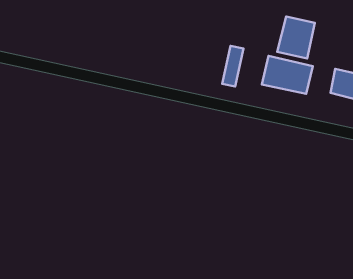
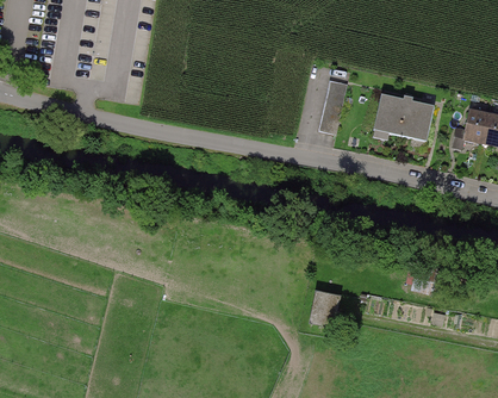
building: [277,16,315,58] -> none
building: none -> [312,293,342,324]

